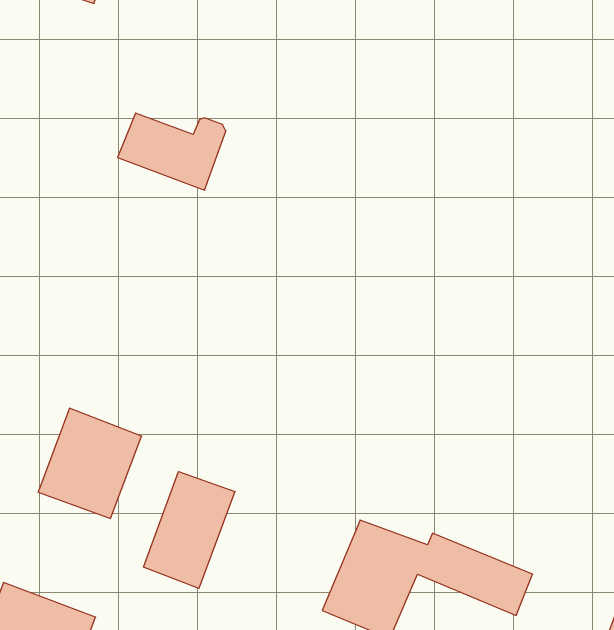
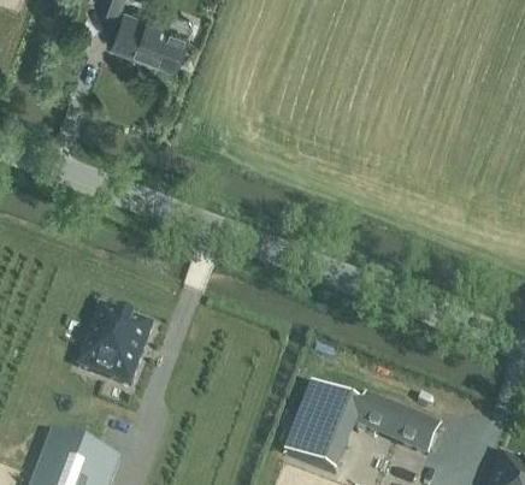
building: [118,113,226,190] -> [112,10,191,66]
building: [144,472,235,588] -> none

